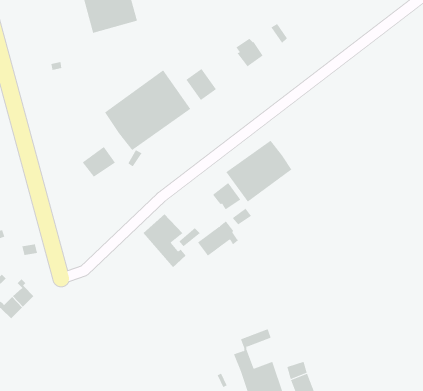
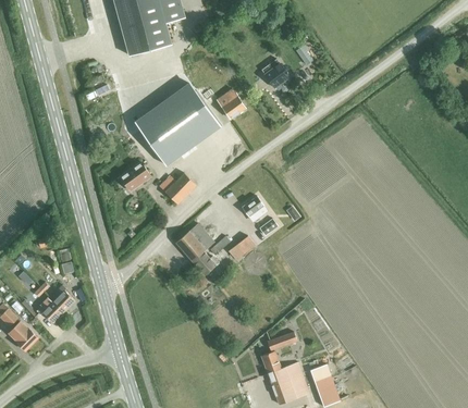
building: [225,140,292,202] -> none
building: none -> [164,172,195,202]

